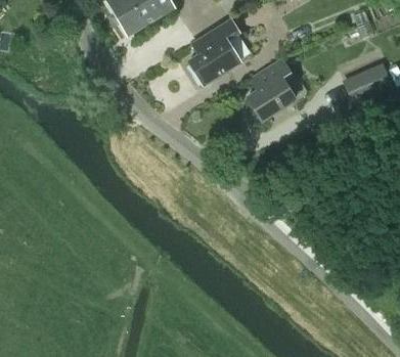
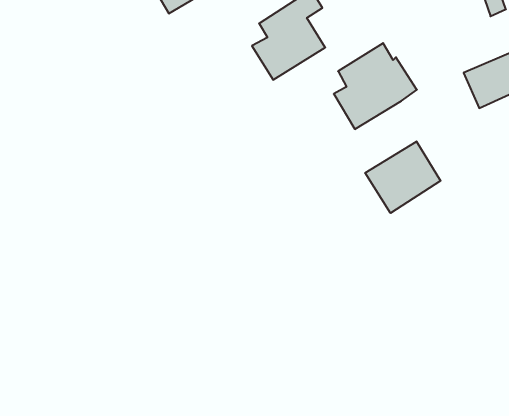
building: none -> [365,141,441,213]

